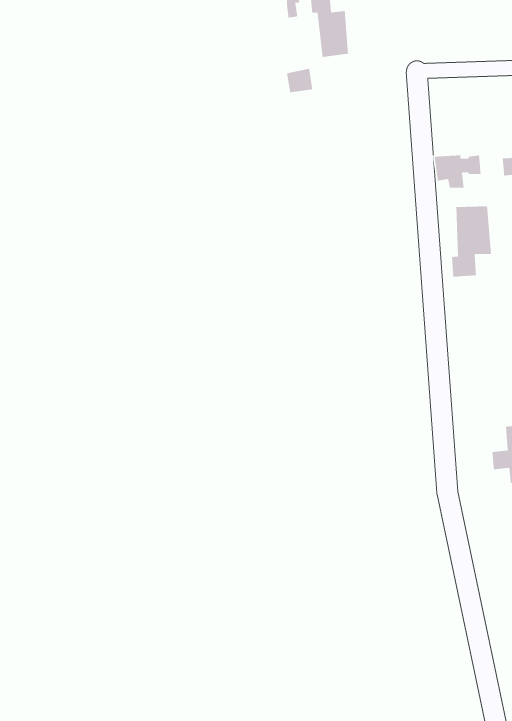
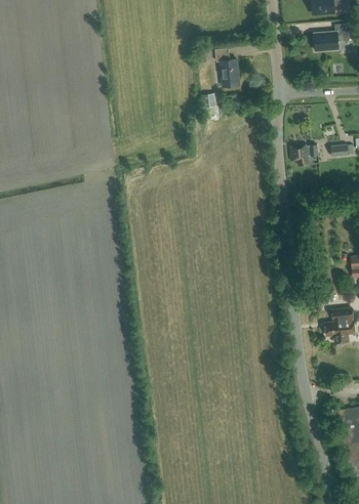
building: [451,206,492,277] -> none

